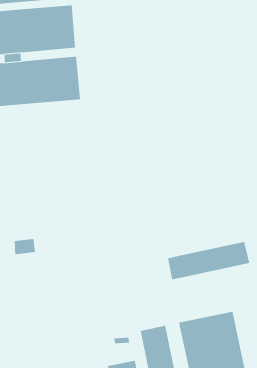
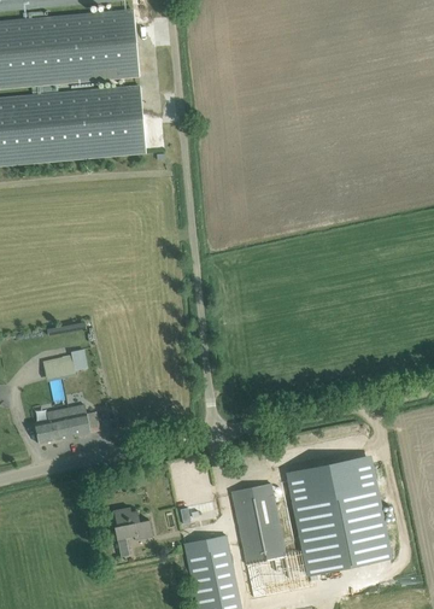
building: [168,241,250,280] -> none
building: none -> [34,402,99,441]
building: none -> [113,505,152,538]

